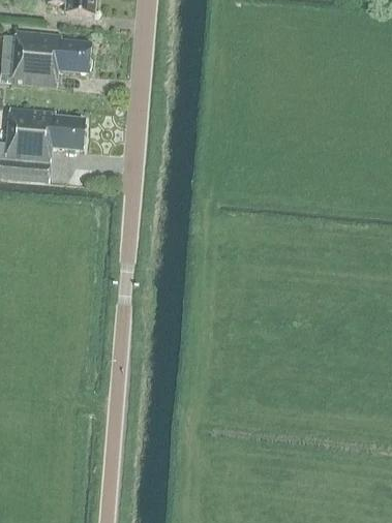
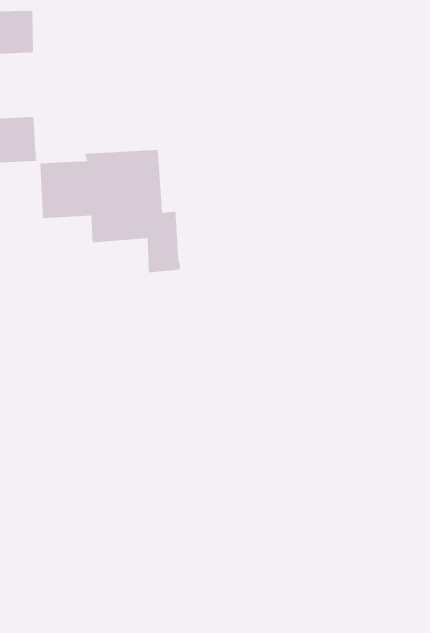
building: none -> [40,149,180,273]

